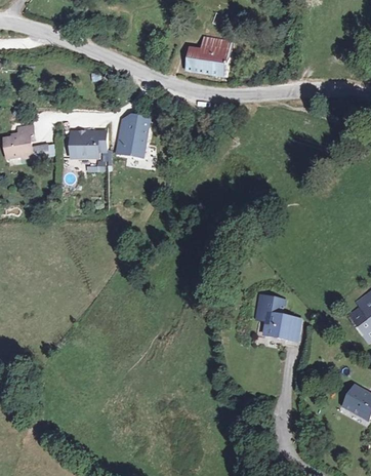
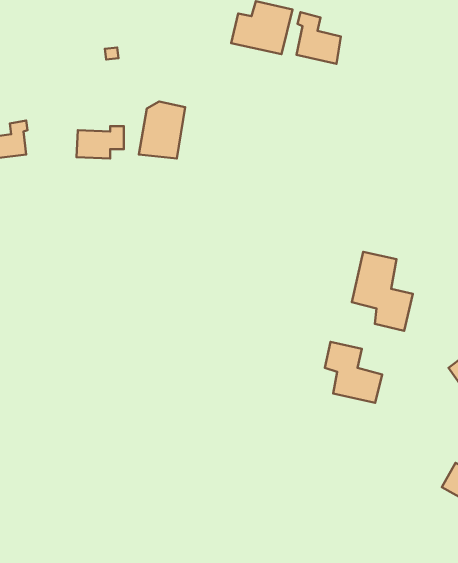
building: none -> [296,12,341,64]
building: none -> [352,252,413,331]

